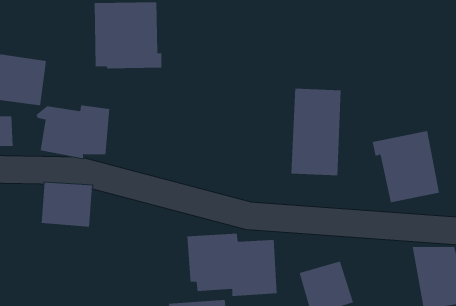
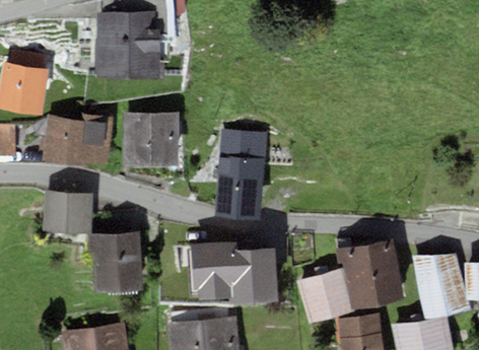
building: [290,88,341,176] -> [215,129,266,216]
building: none -> [122,113,179,166]
building: [372,131,440,203] -> [336,237,404,309]
building: none -> [87,234,142,292]

